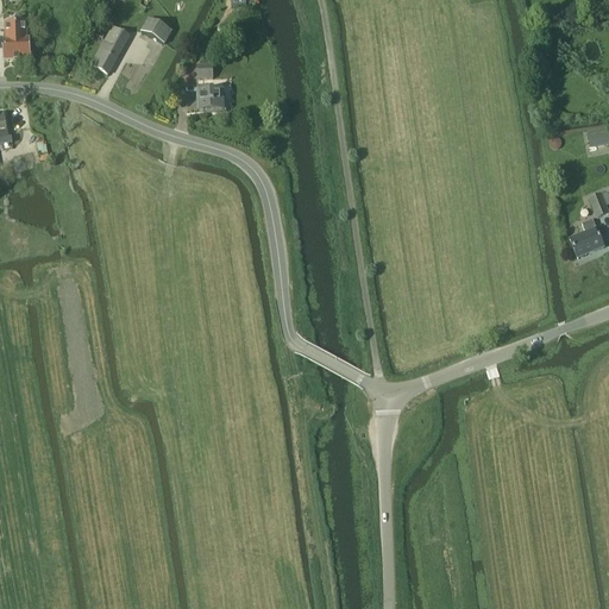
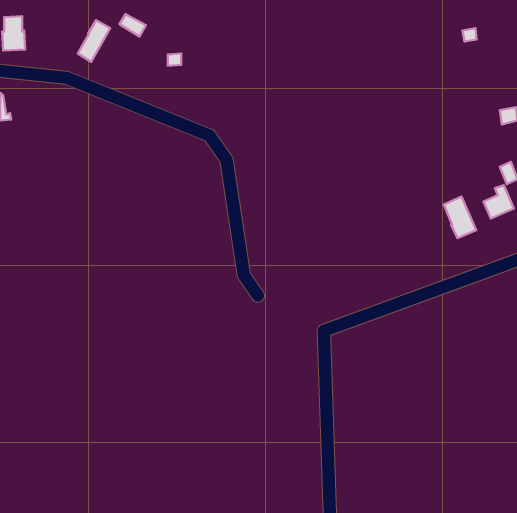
building: [197,83,222,109] -> none
building: none -> [444,196,476,238]

